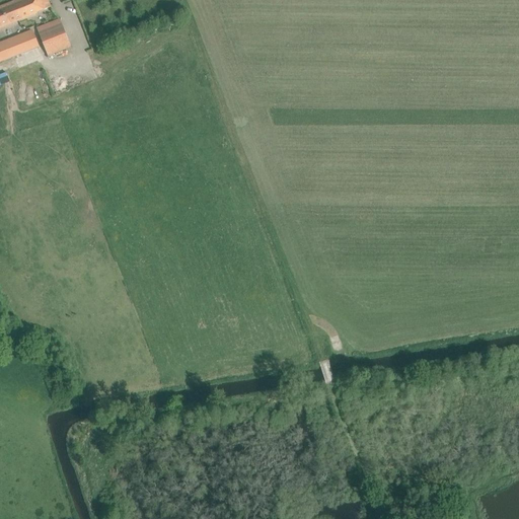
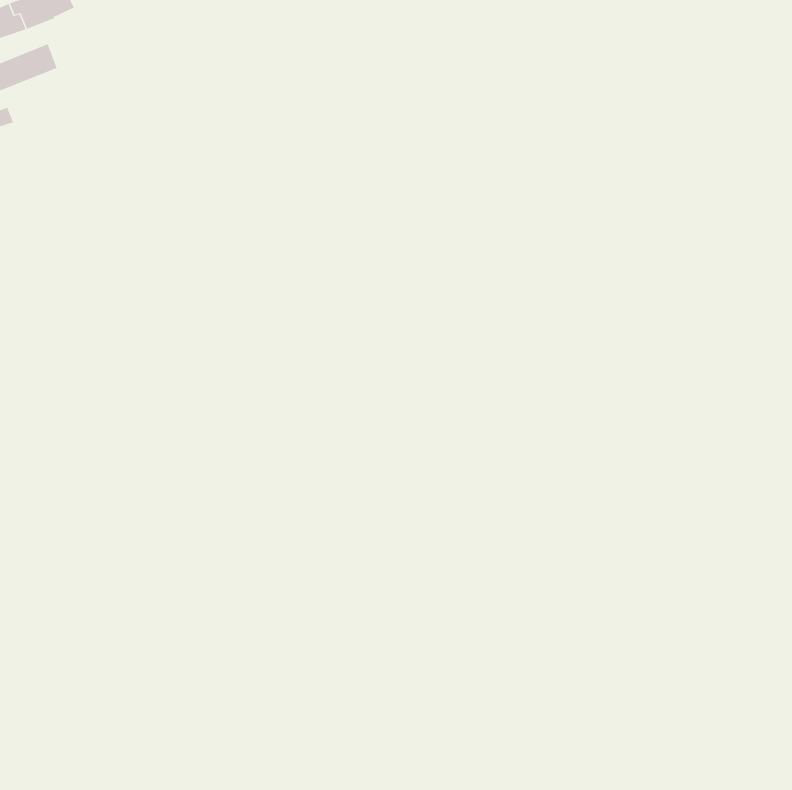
building: [36,18,70,54] -> none

